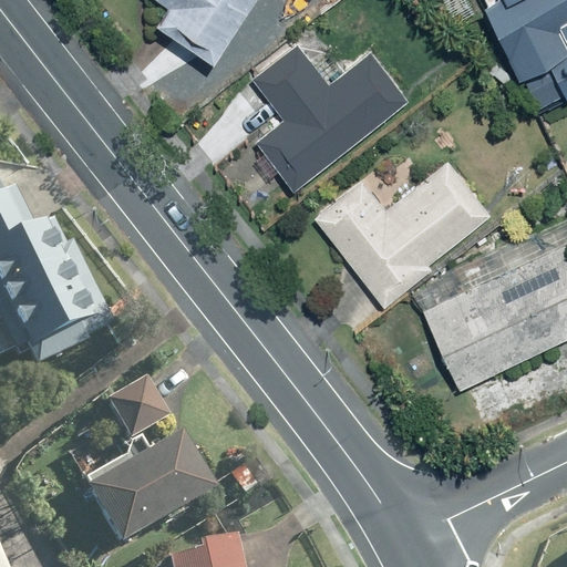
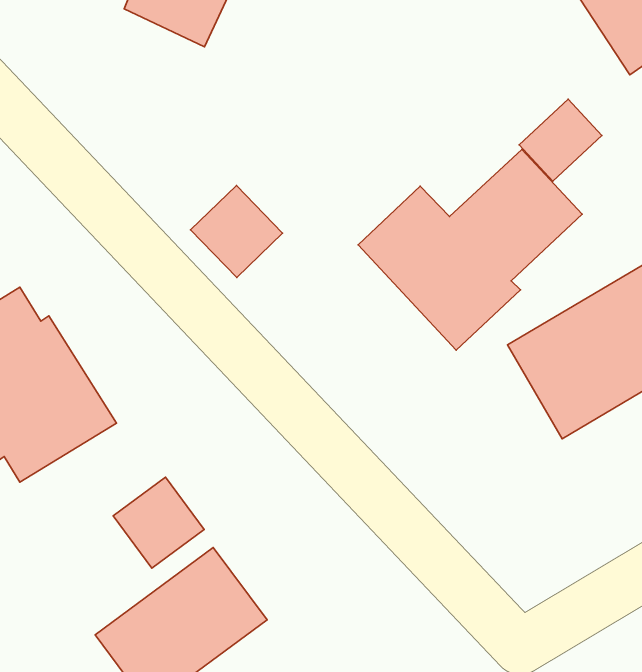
building: [252,39,410,183] -> none
building: none -> [519,99,602,181]
building: none -> [191,185,283,277]

